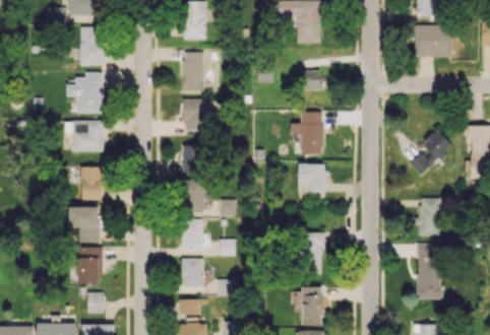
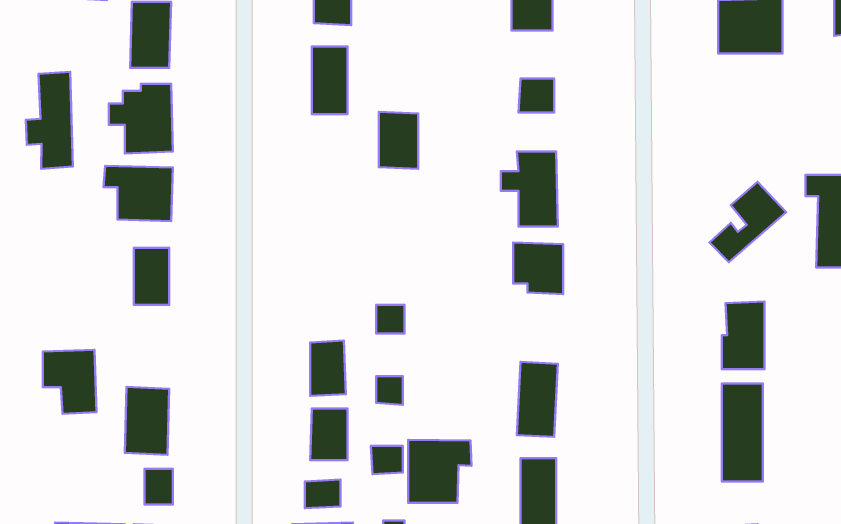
building: none -> [26,72,73,169]
building: [183,98,205,131] -> [379,112,418,169]
building: [182,144,204,172] -> none
building: [182,180,206,211] -> none
building: [69,206,100,243] -> [43,350,96,414]
building: none -> [408,440,472,503]

